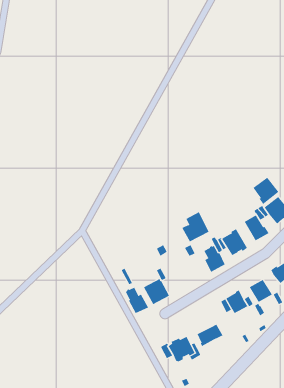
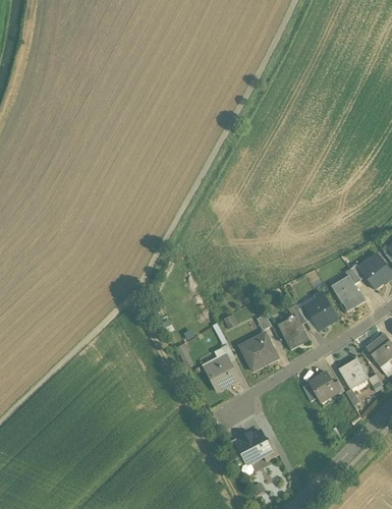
building: [252,177,279,205] -> none
building: [181,212,209,242] -> [242,331,278,370]
building: [125,287,149,314] -> none
building: [197,324,224,347] -> none

